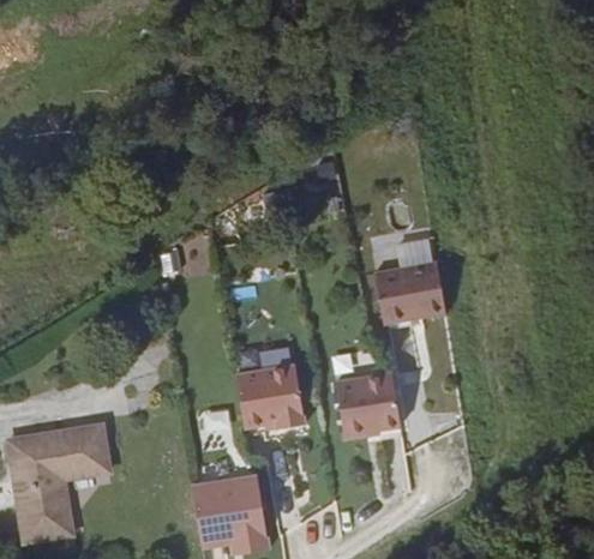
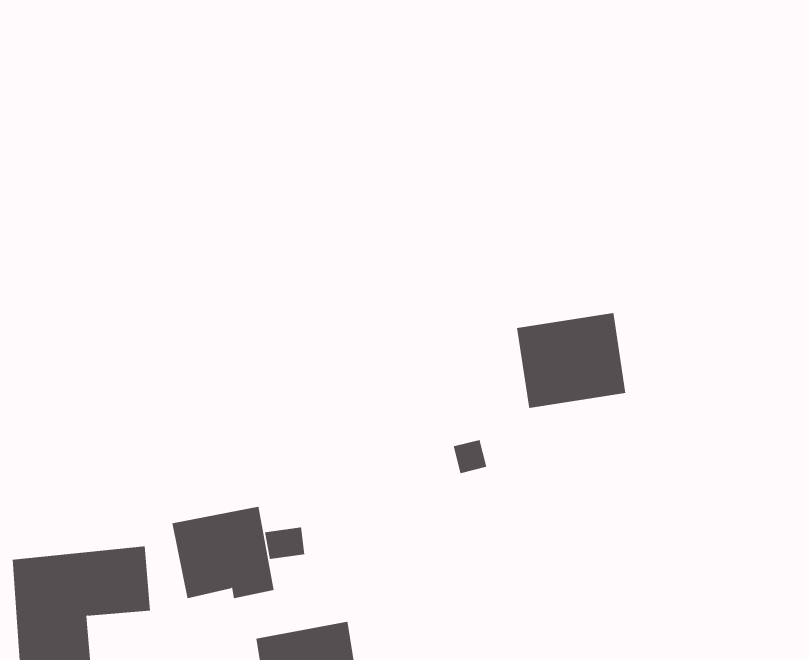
building: [232,365,304,429] -> [171,506,274,599]
building: [335,372,402,439] -> none

